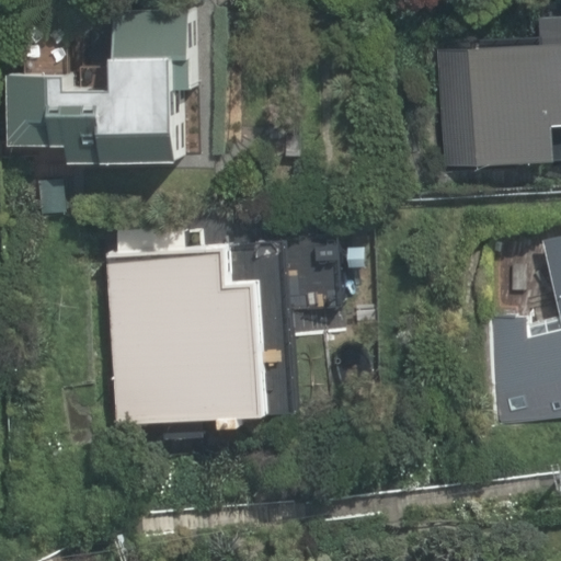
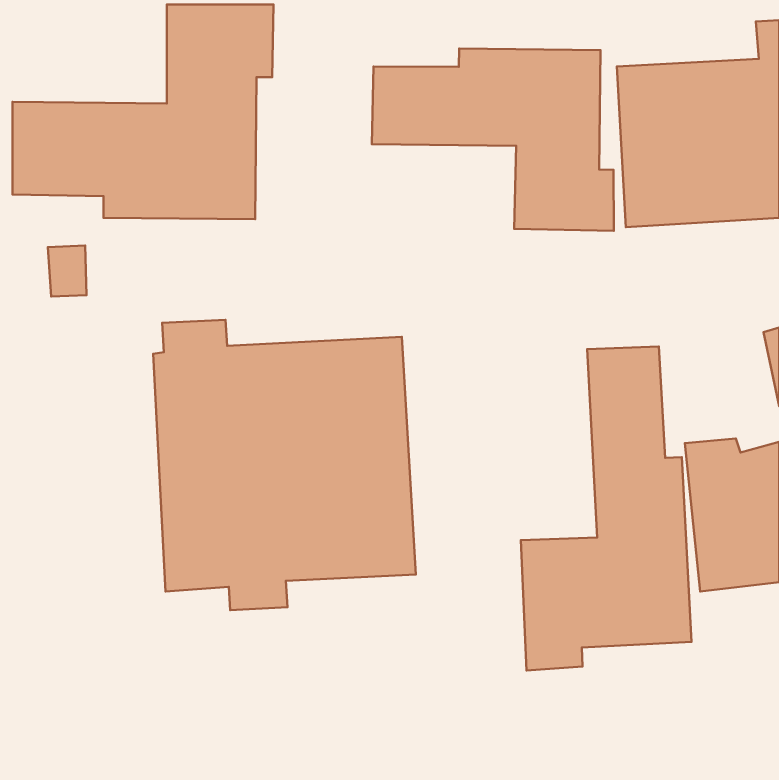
building: none -> [372,49,614,231]
building: none -> [521,346,691,670]

